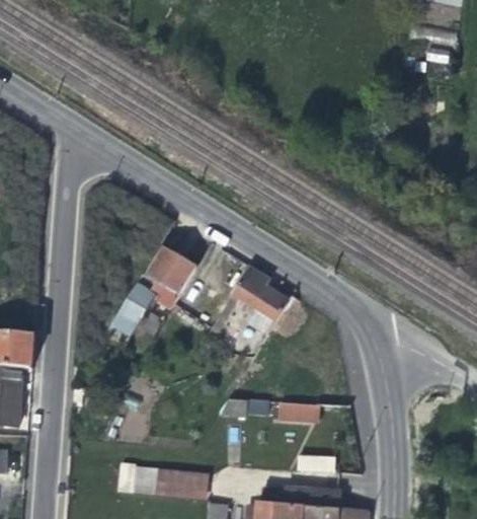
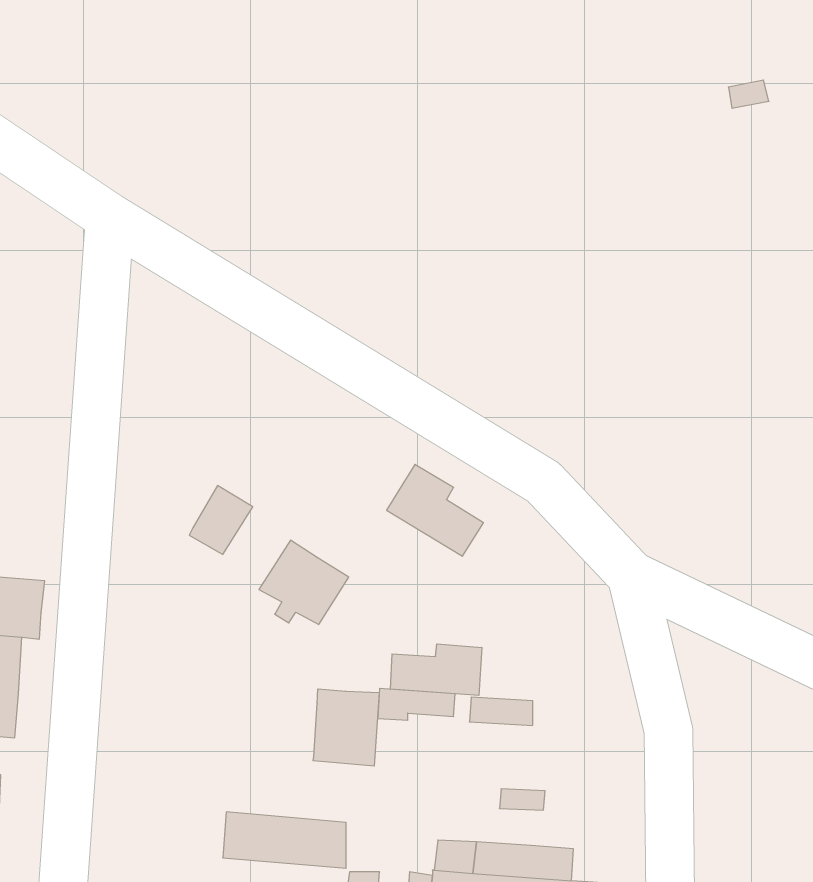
building: [143,250,194,299] -> [259,540,349,625]
building: none -> [390,644,482,695]
building: none -> [313,689,379,766]

